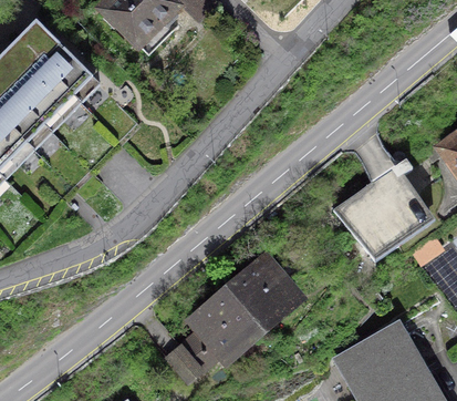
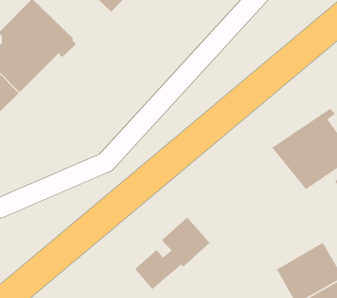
building: [231,263,293,323] -> none

